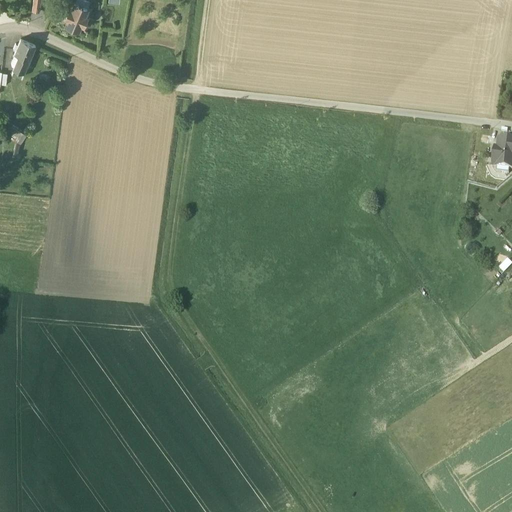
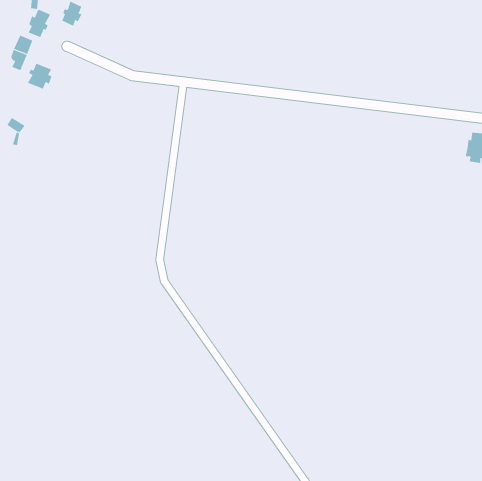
building: none -> [28,9,51,38]
building: none -> [27,63,52,89]

